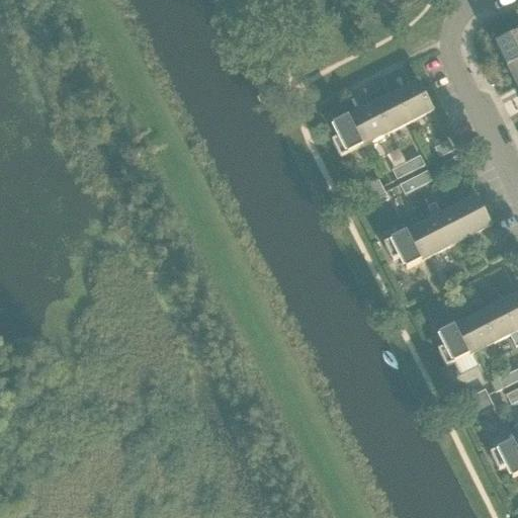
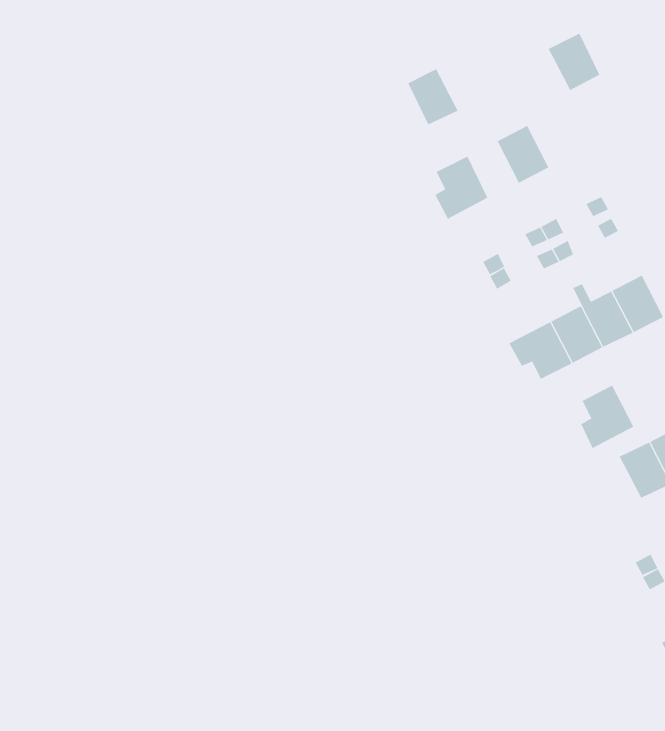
building: [397,78,433,118] -> [548,33,600,91]
building: [355,100,391,140] -> [408,69,458,125]
building: [438,320,476,364] -> [580,385,634,449]

